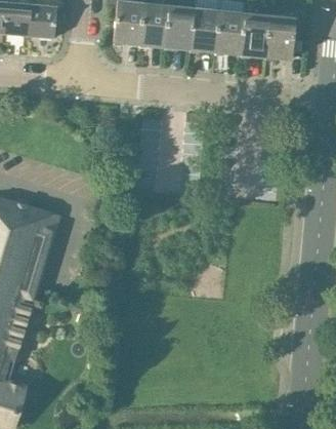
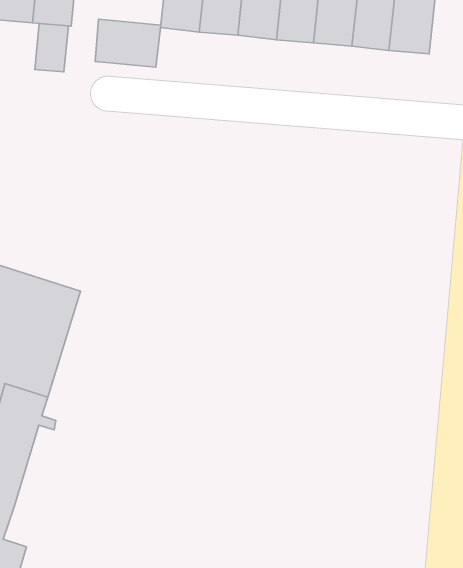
building: none -> [95,19,161,67]
building: none -> [35,23,68,72]

